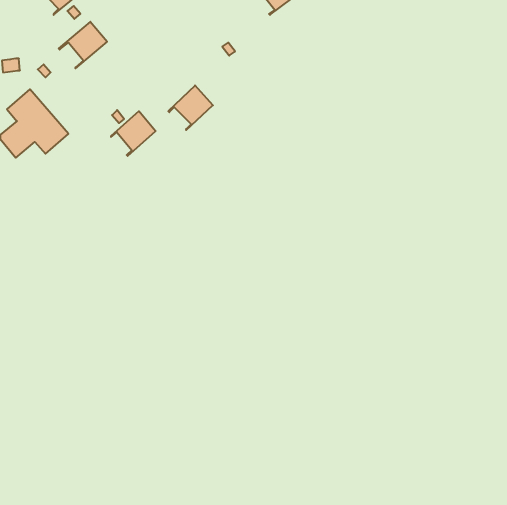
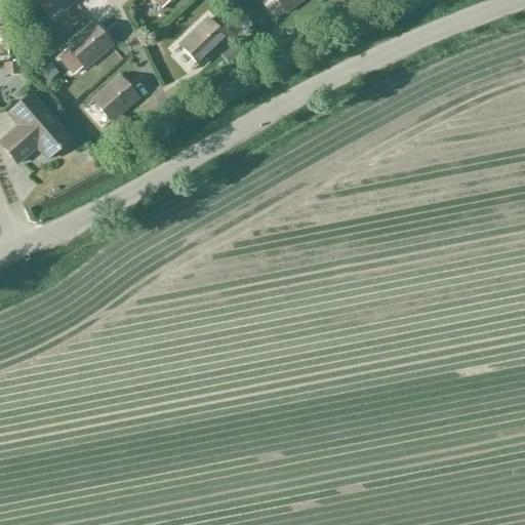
building: [168,85,213,130] -> [179,17,226,64]
building: [111,111,156,156] -> [91,76,137,122]

